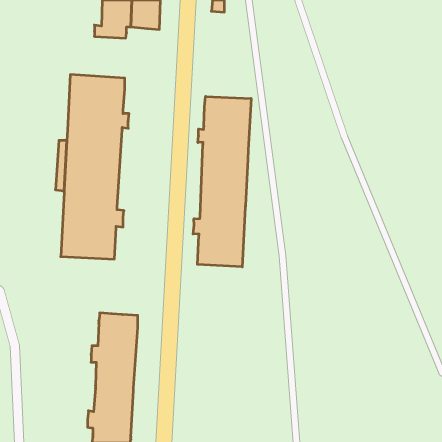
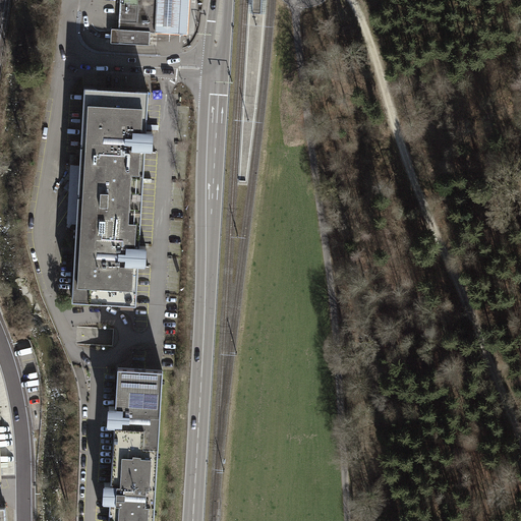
building: [193,96,251,267] -> none

